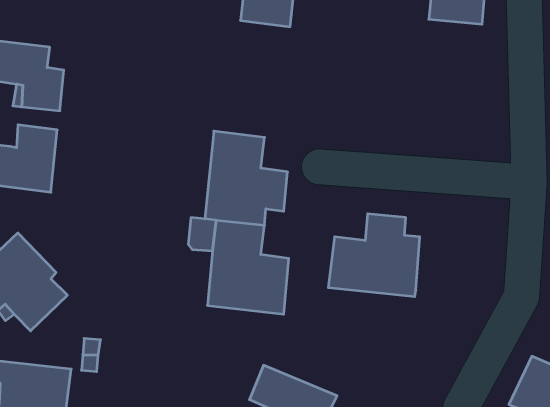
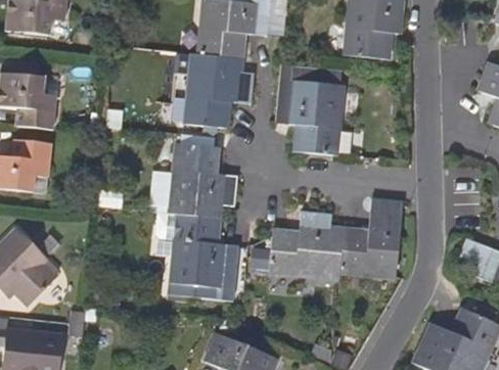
building: none -> [185,54,253,128]
building: none -> [276,79,343,155]
building: none -> [339,200,403,278]

